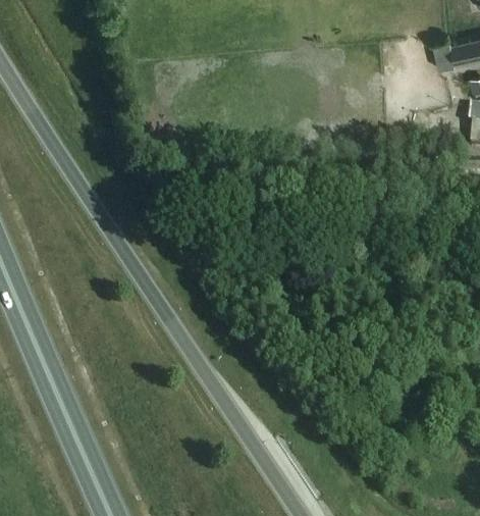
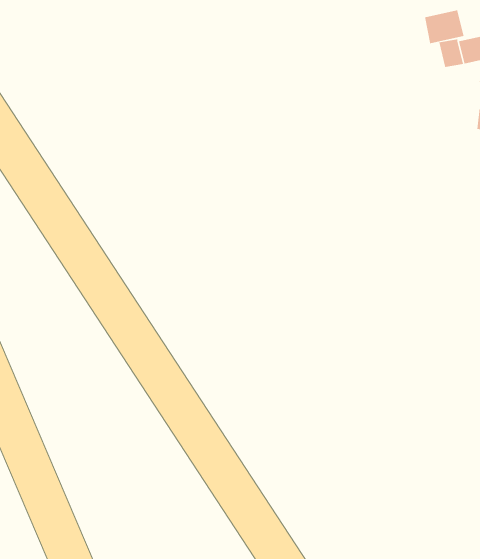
building: none -> [424,10,464,44]

